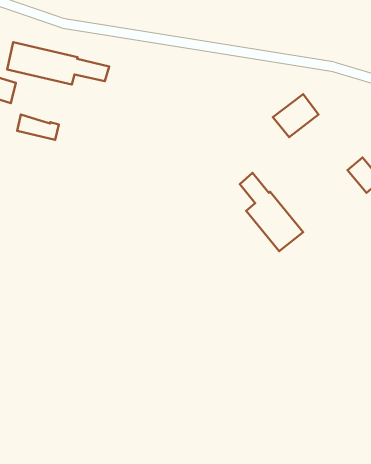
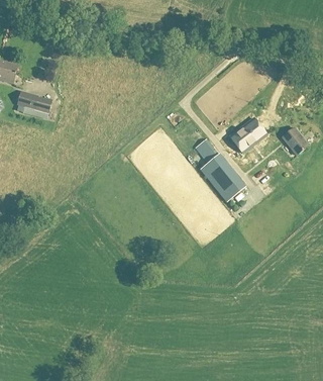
building: [7,42,109,85] -> none
building: [273,94,318,137] -> [229,117,265,152]

